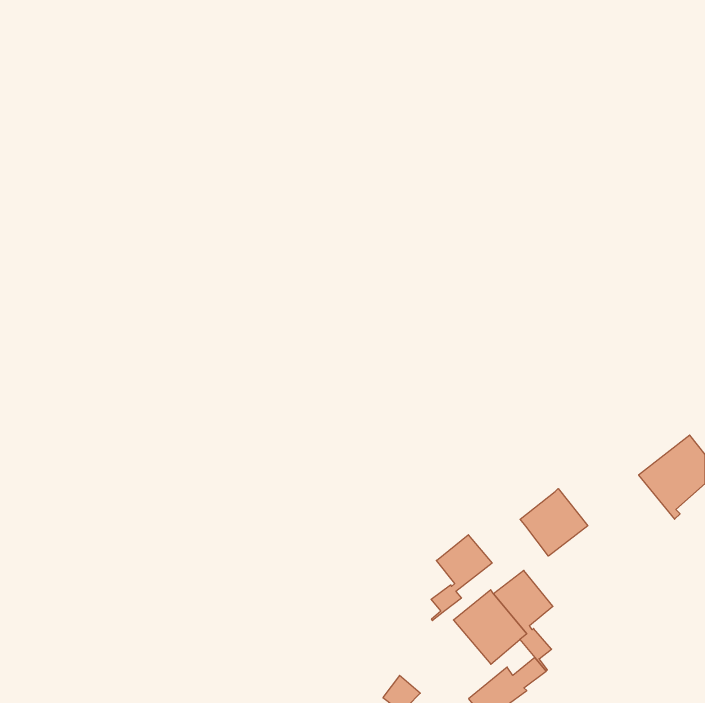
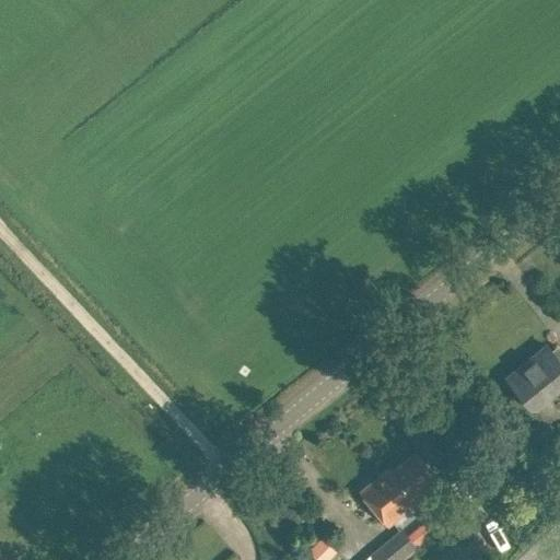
building: [520,489,588,556] -> none
building: [431,535,492,621] -> none

